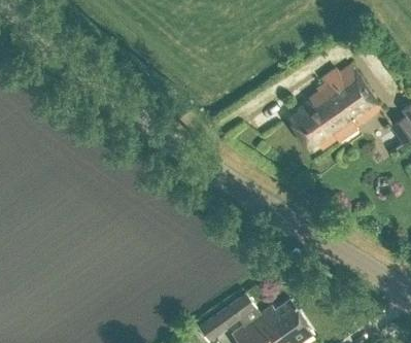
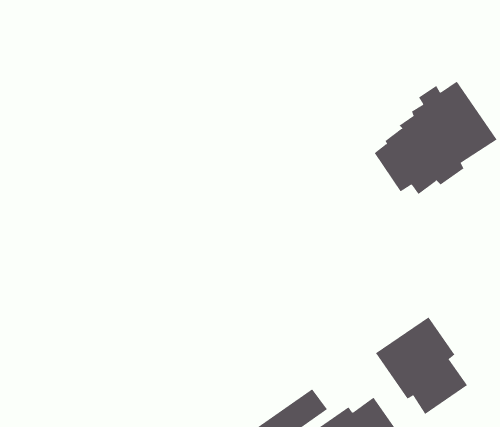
building: none -> [375,317,468,415]

